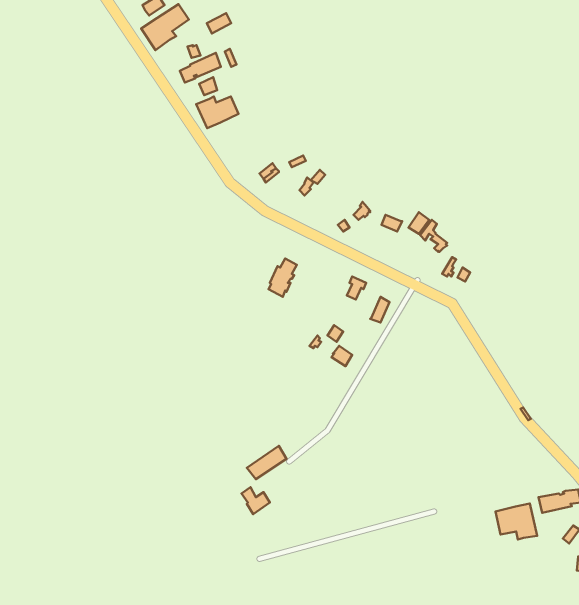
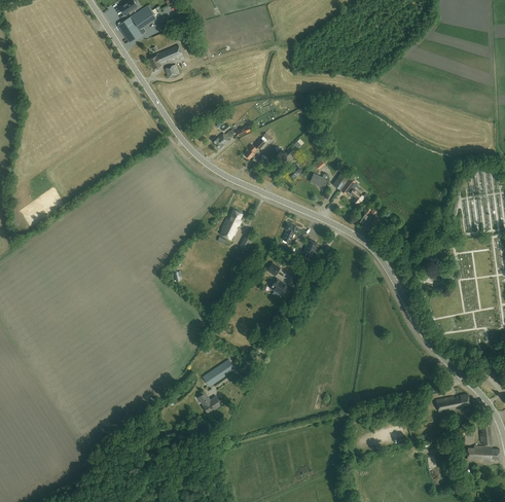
building: [196,97,239,128] -> none
building: [495,503,537,540] -> none

